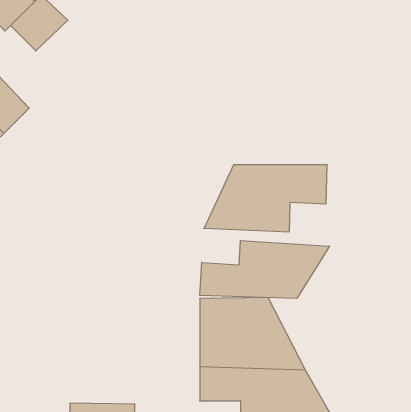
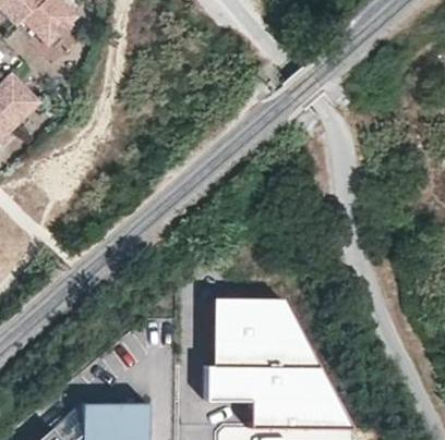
building: [204,164,327,232] -> none
building: [200,240,329,298] -> none

